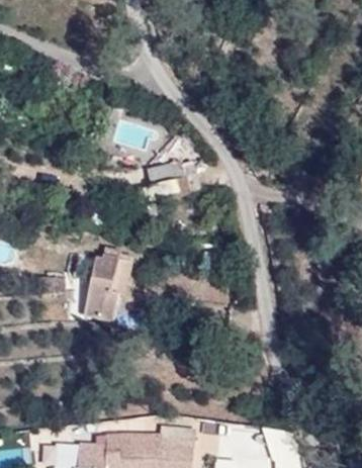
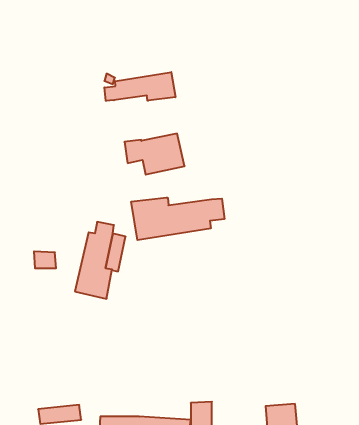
building: none -> [104,72,175,101]
building: none -> [131,198,224,240]

